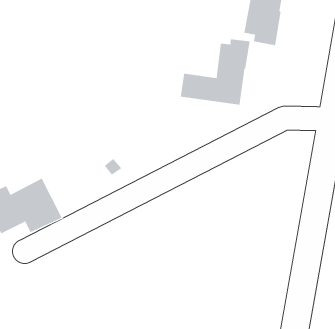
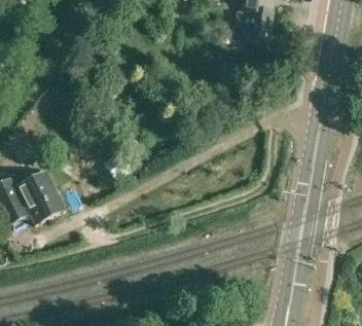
building: [180,39,250,106] -> none

